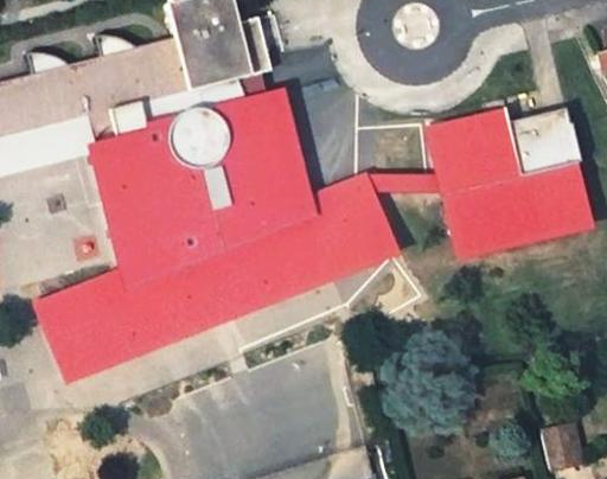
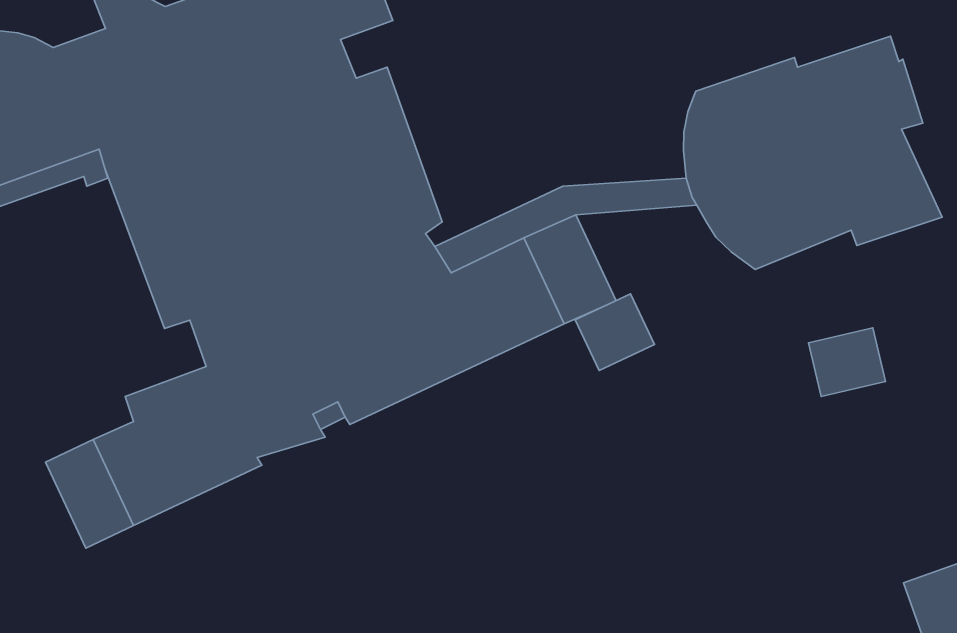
building: none -> [575,294,654,371]
building: none -> [808,328,885,396]

